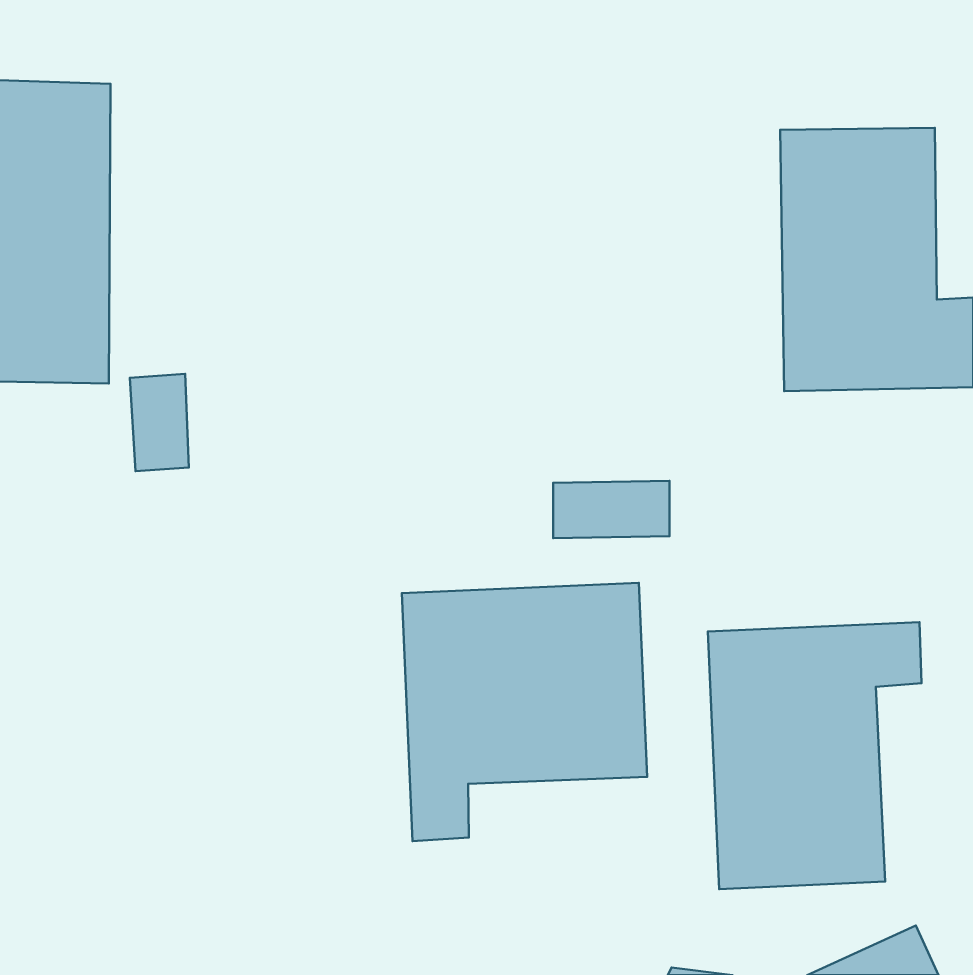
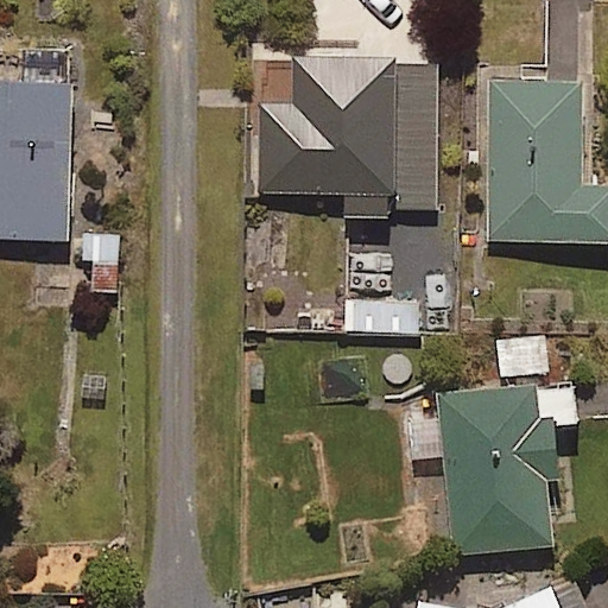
building: none -> [255,58,437,210]
building: [402,583,647,841] -> none

